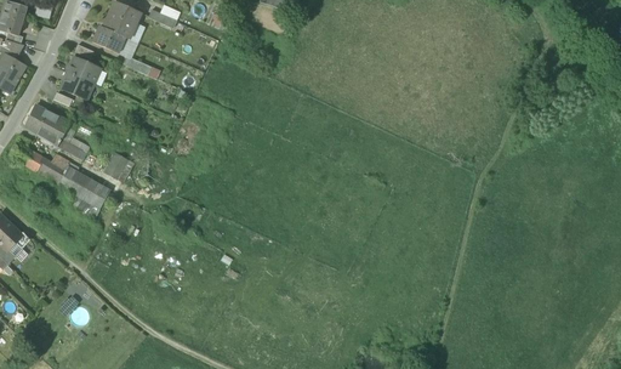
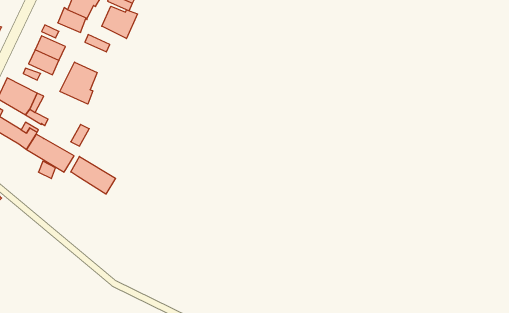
building: none -> [102,6,138,39]
building: none -> [60,62,97,104]
building: none -> [71,156,116,194]

